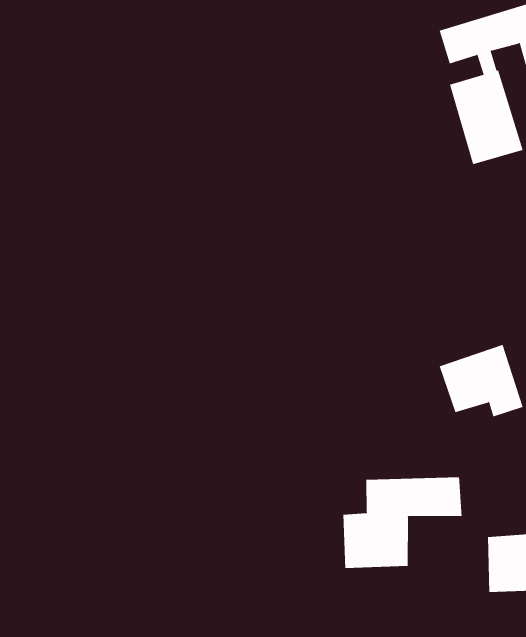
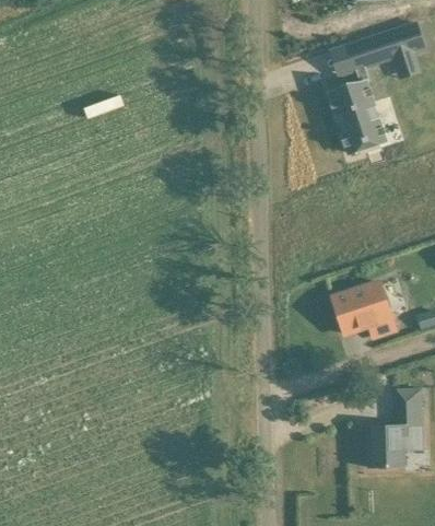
building: [343,476,462,569] -> none

